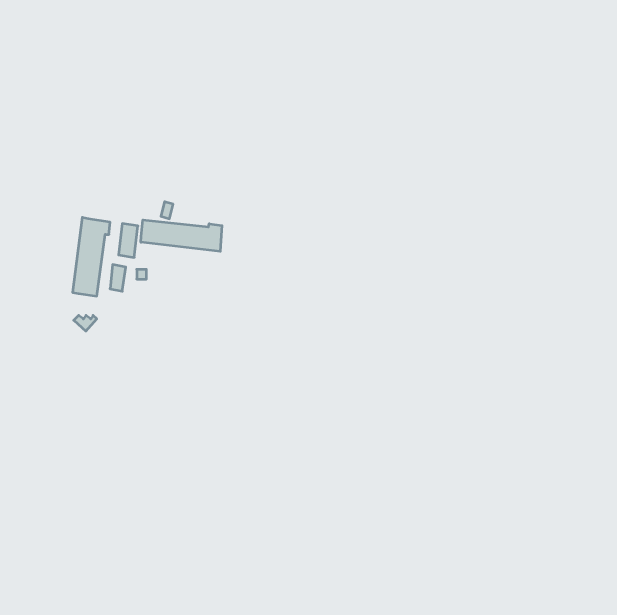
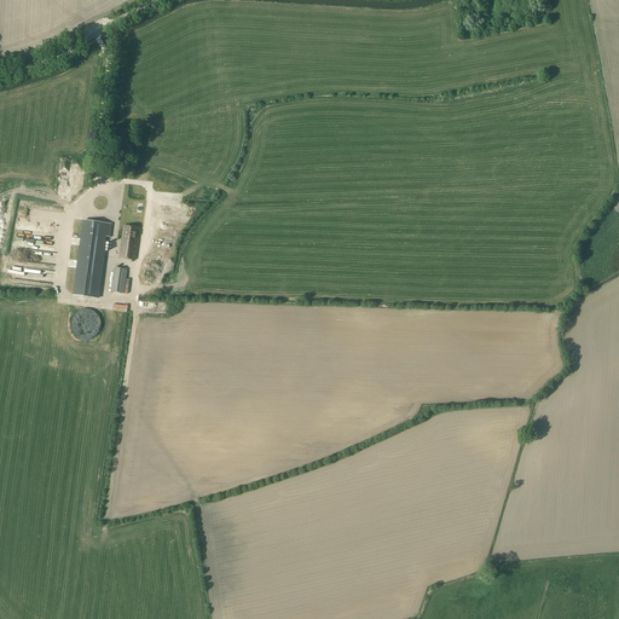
building: [141,220,222,251] -> none

